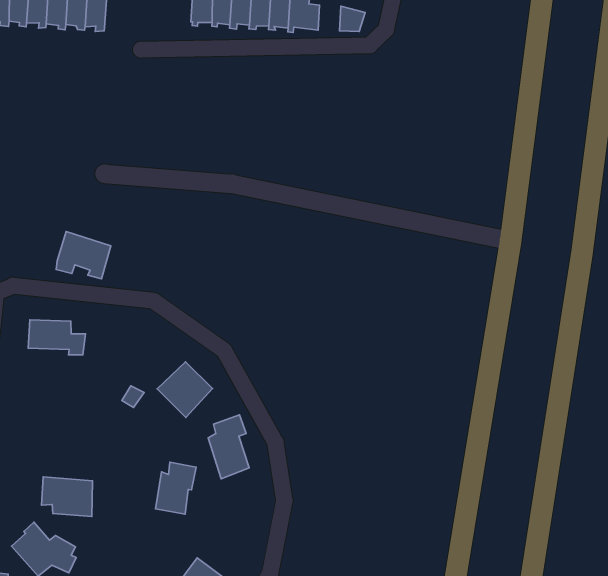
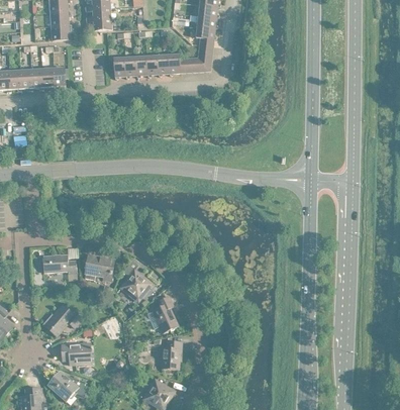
building: [56,232,111,279] -> [85,254,114,279]
building: none -> [44,304,82,335]
building: [155,462,196,514] -> [162,340,182,369]

